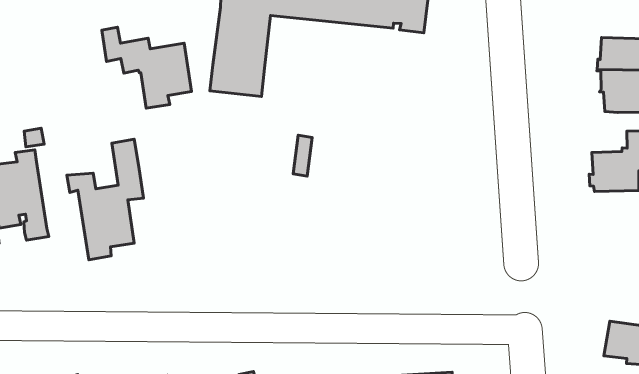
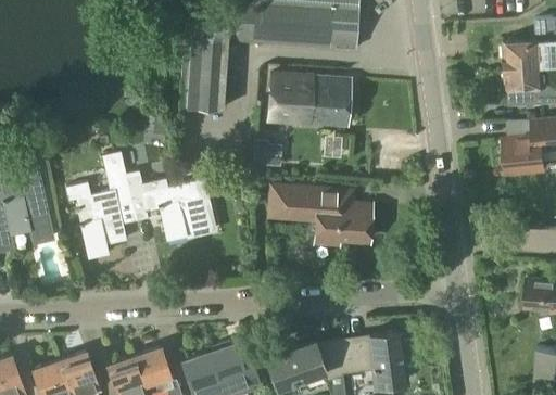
building: [102,27,192,108] -> [126,173,204,239]
building: none -> [269,74,350,126]
building: none -> [271,186,371,243]

